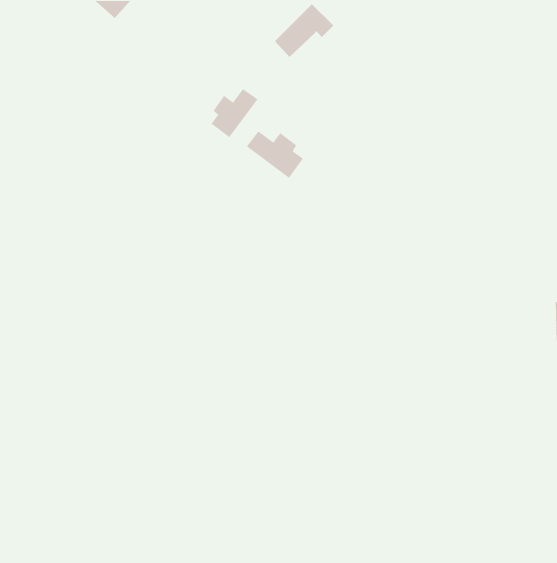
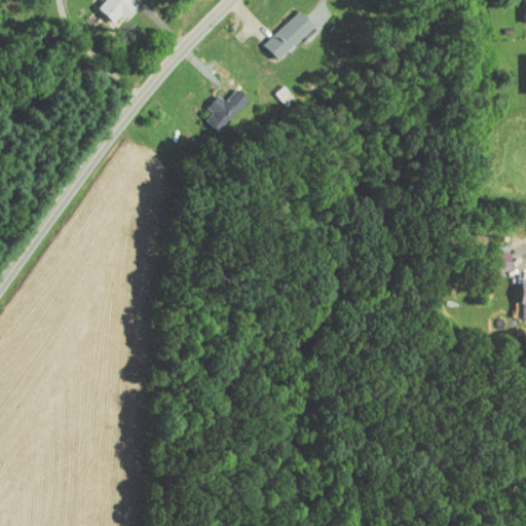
building: [246,130,304,179] -> none

